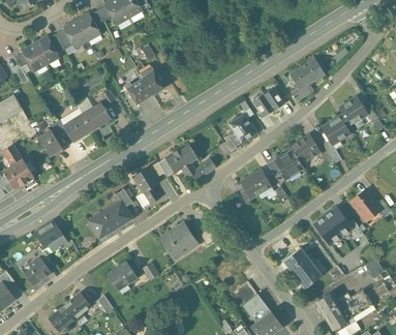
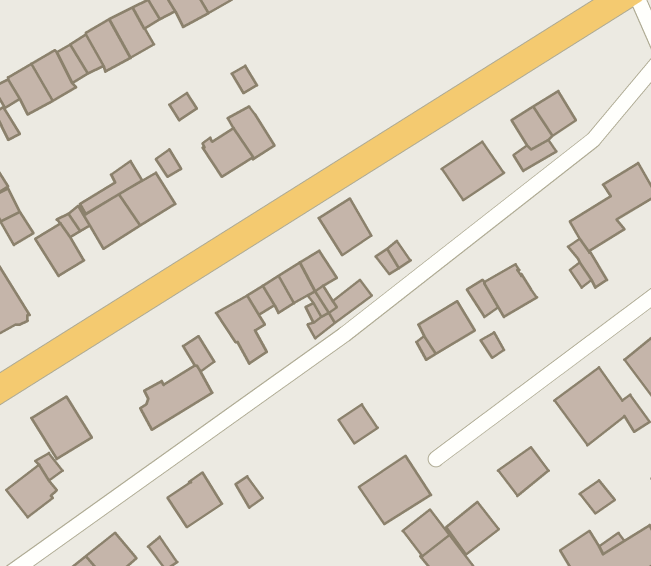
building: [229,113,256,143] -> [319,199,371,255]
building: [291,133,321,163] -> none
building: [159,222,197,258] -> [359,456,431,524]
building: [294,260,322,287] -> [446,502,499,554]

